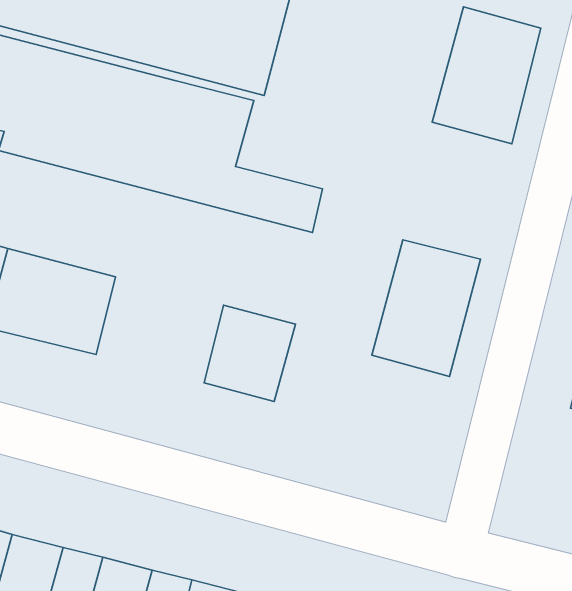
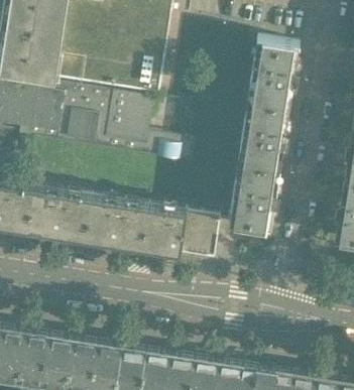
building: none -> [236,103,287,171]
building: none -> [83,200,146,250]
building: none -> [178,215,217,261]

